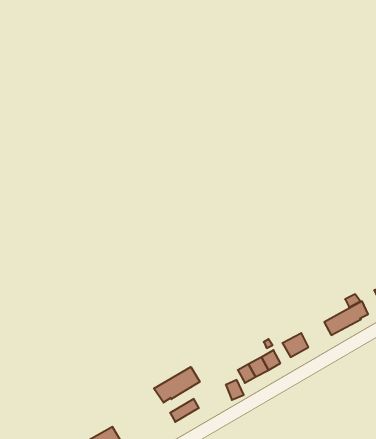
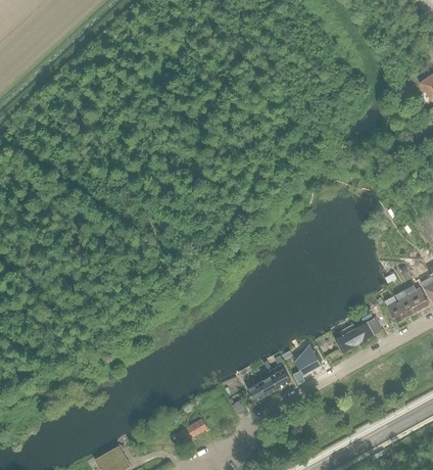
building: [154,367,200,403] -> none

